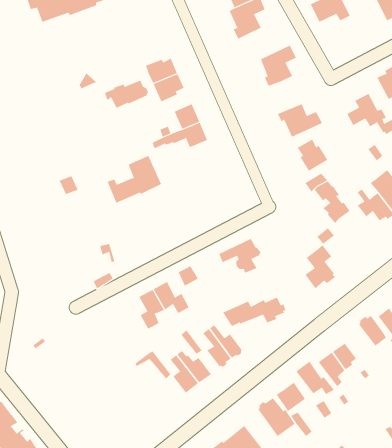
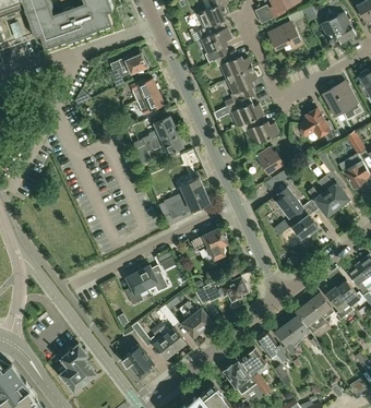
building: none -> [214,50,251,80]
building: [104,80,149,109] -> [110,53,147,77]
building: none -> [224,98,262,127]
building: [107,155,162,204] -> [163,178,208,218]
building: [305,245,336,289] -> [291,202,318,239]
building: none -> [294,301,324,334]
building: none -> [55,344,95,391]
building: none -> [121,345,152,377]

